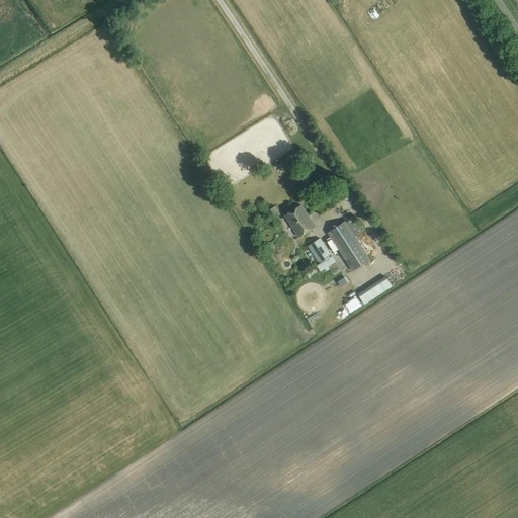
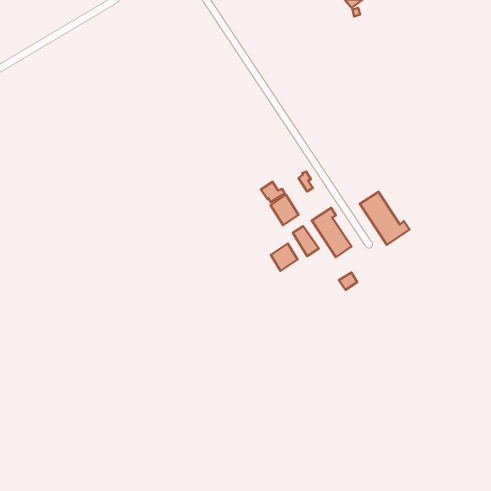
building: none -> [360,192,410,245]
building: none -> [271,244,297,271]

